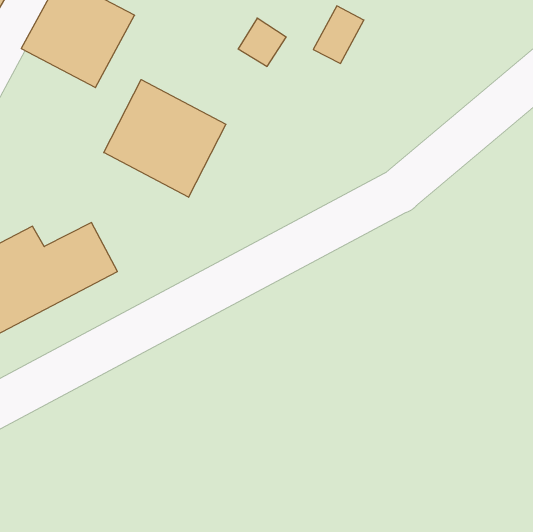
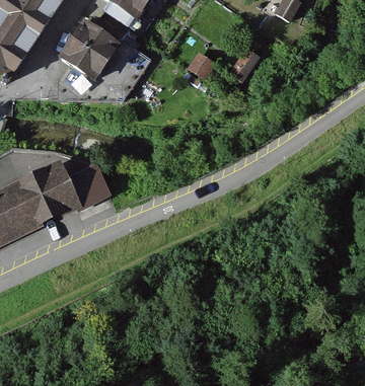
building: [104,80,226,197] -> none

